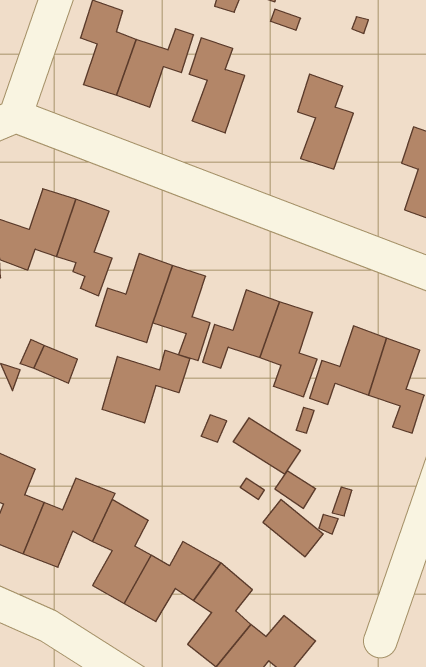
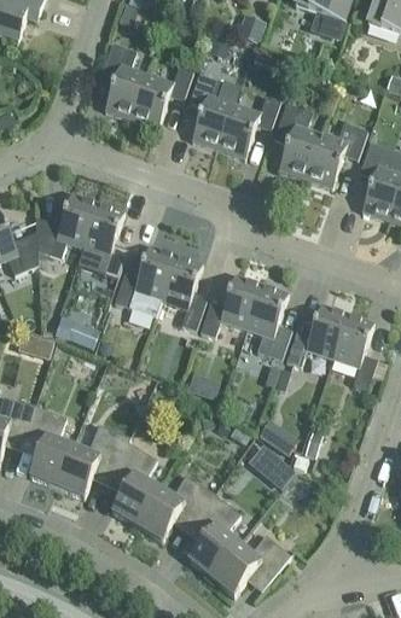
building: none -> [217,95,280,157]
building: none -> [304,122,367,187]
building: [102,350,190,423] -> none
building: [233,418,300,474] -> none

